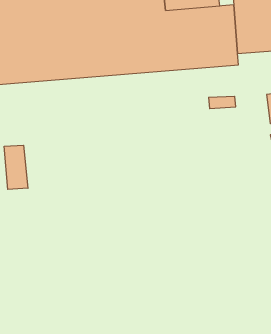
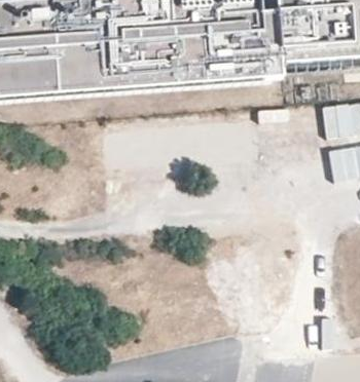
building: [4,145,28,189] -> none

